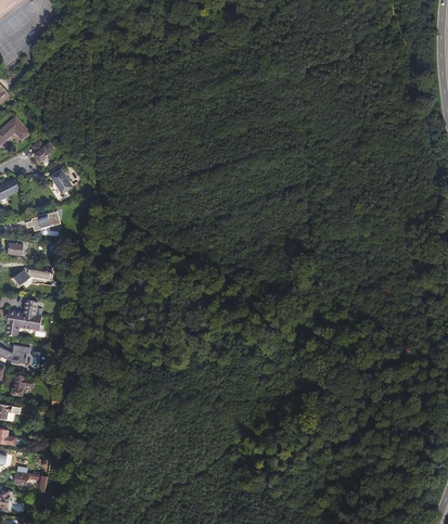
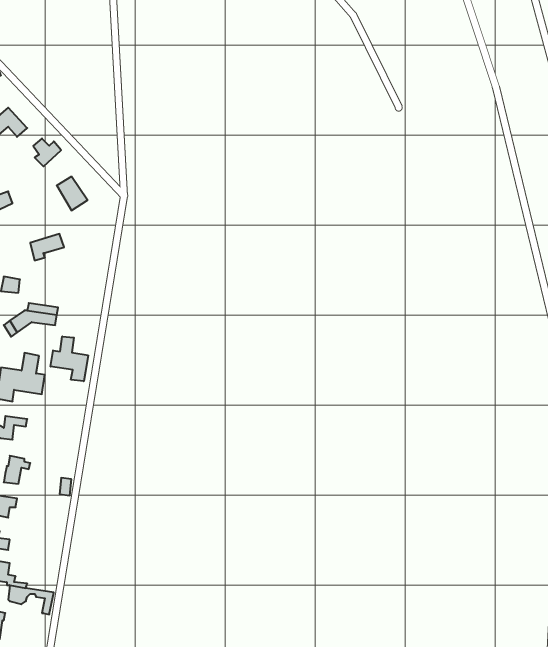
building: none -> [51,336,88,381]

